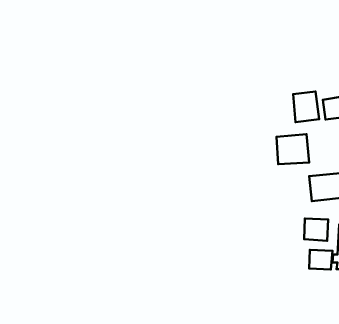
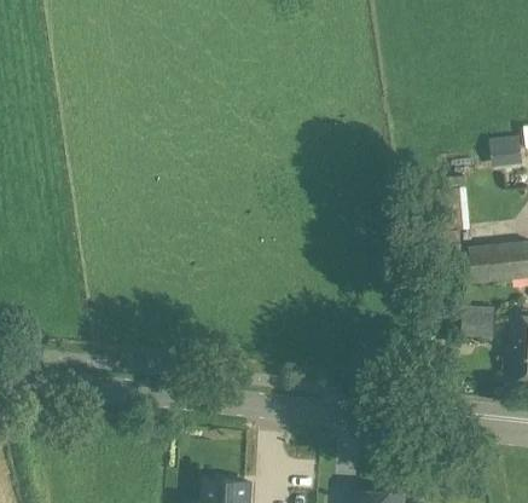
building: [293,91,319,122] -> none
building: [309,250,332,269] -> none

